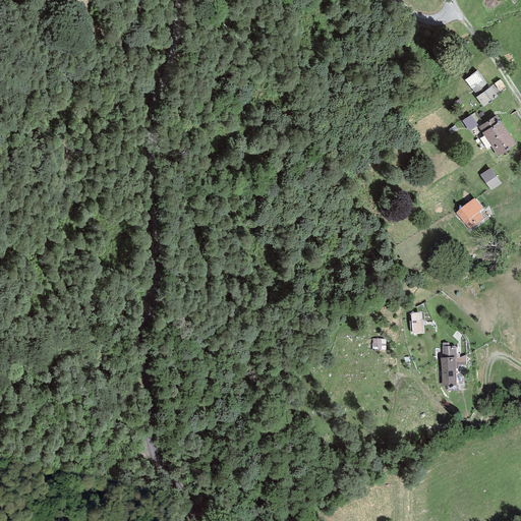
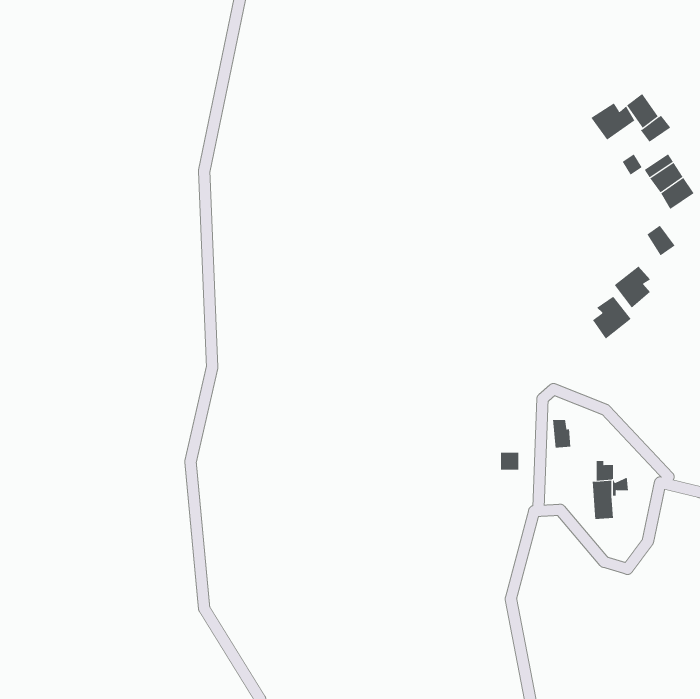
building: none -> [591,103,635,141]
building: none -> [592,296,631,340]

